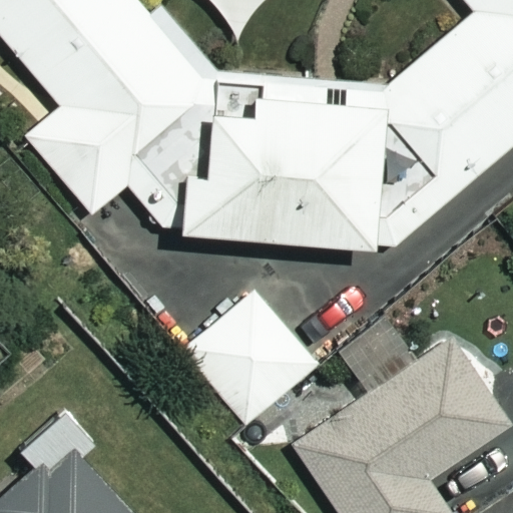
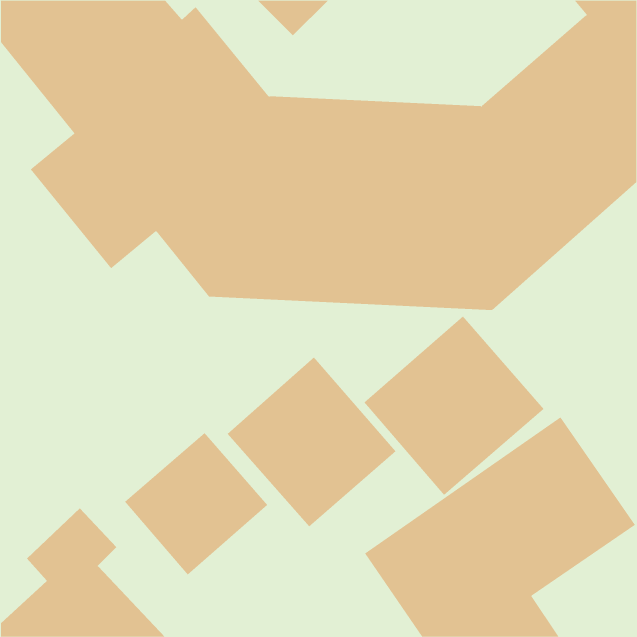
building: none -> [363,316,545,496]
building: none -> [124,432,268,576]

